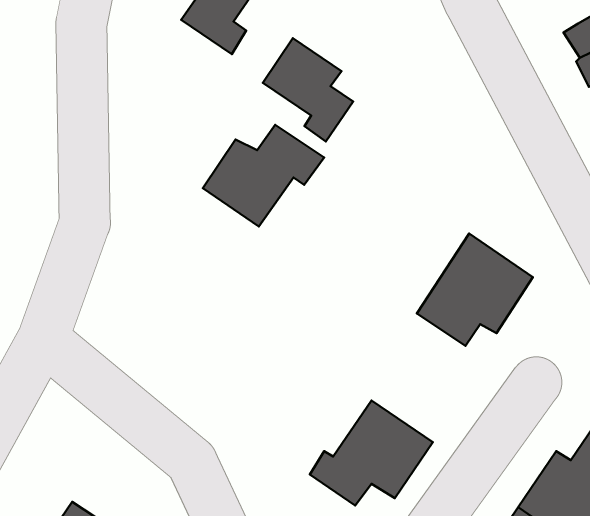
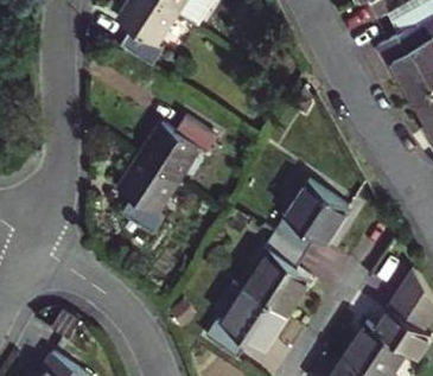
building: [263,38,353,142] -> none
building: none -> [114,149,173,228]
building: none -> [247,231,312,316]

